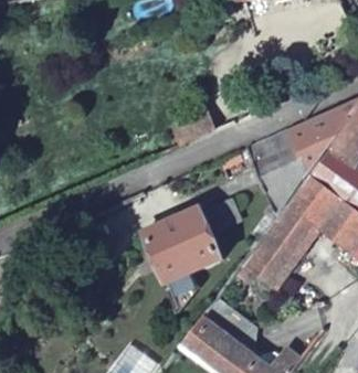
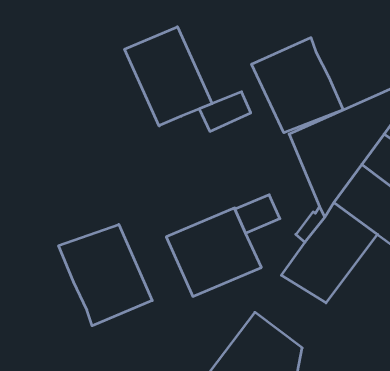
building: none -> [125,27,212,126]
building: none -> [252,38,343,133]
building: none -> [59,224,152,326]

